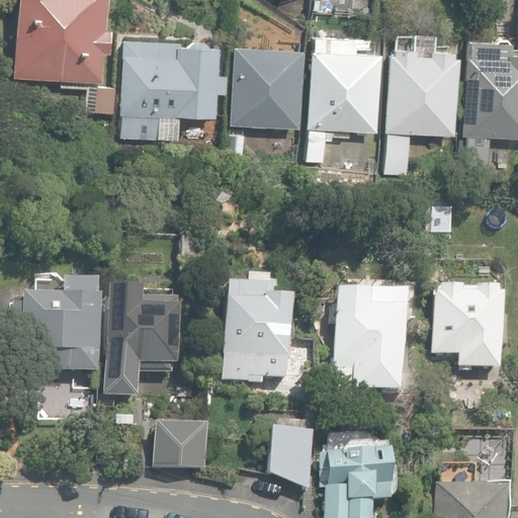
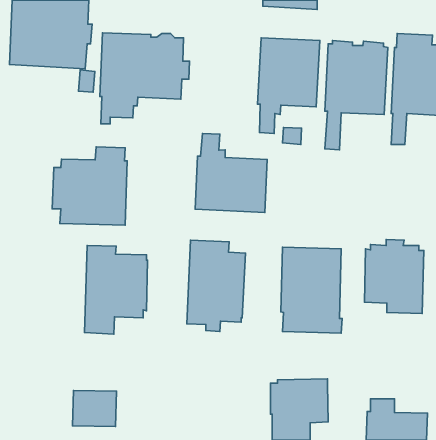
building: [232,47,304,127] -> none
building: none -> [195,134,267,213]
building: [14,280,102,372] -> [52,147,127,225]
building: [268,425,309,486] -> none
building: [154,429,205,471] -> [73,390,116,427]

